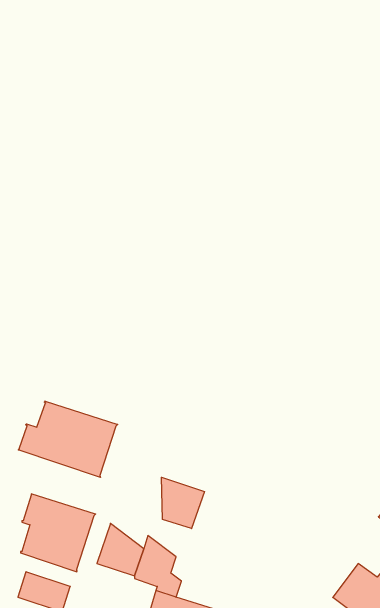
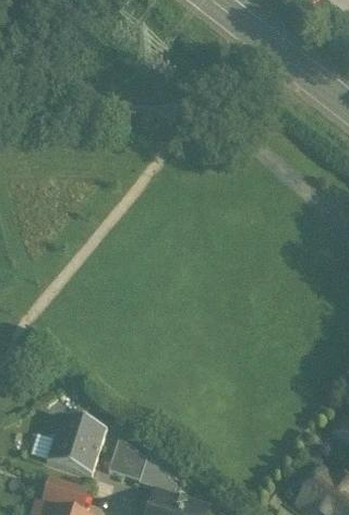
building: [18,401,118,477] -> none
building: [161,477,204,529] -> none

